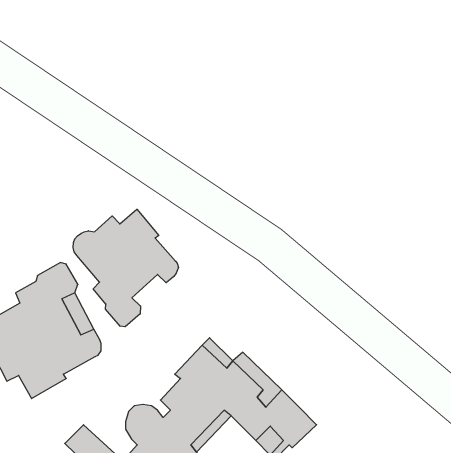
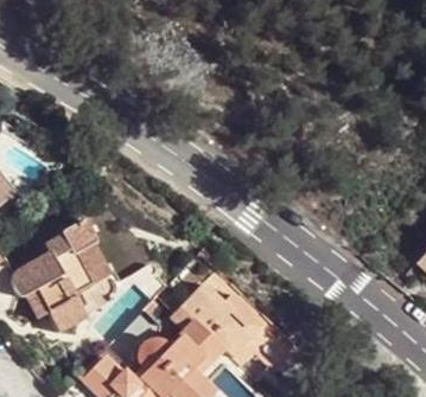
building: [73,209,178,327] -> none

